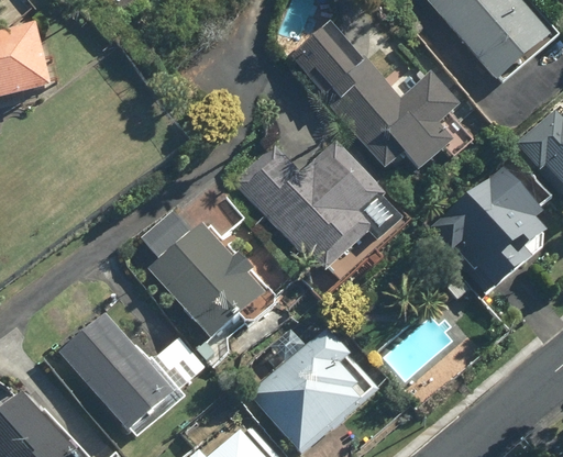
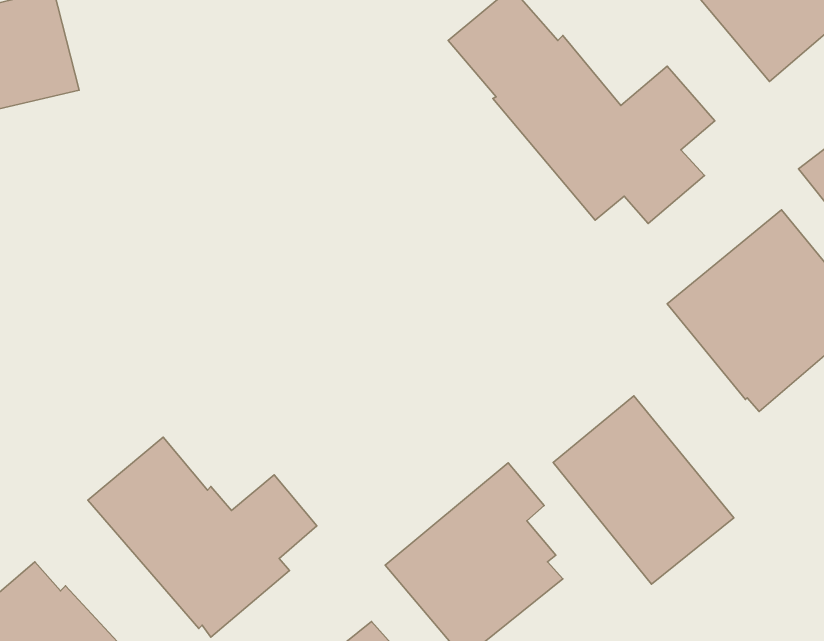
building: [233,137,404,277] -> none
building: [141,208,265,339] -> none
building: none -> [553,396,734,584]

